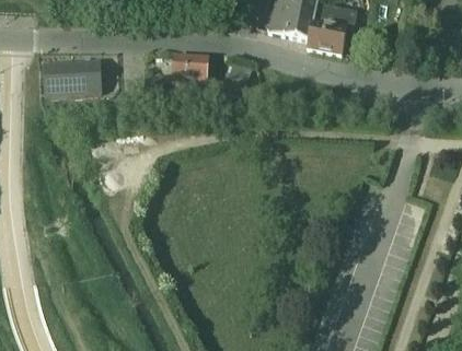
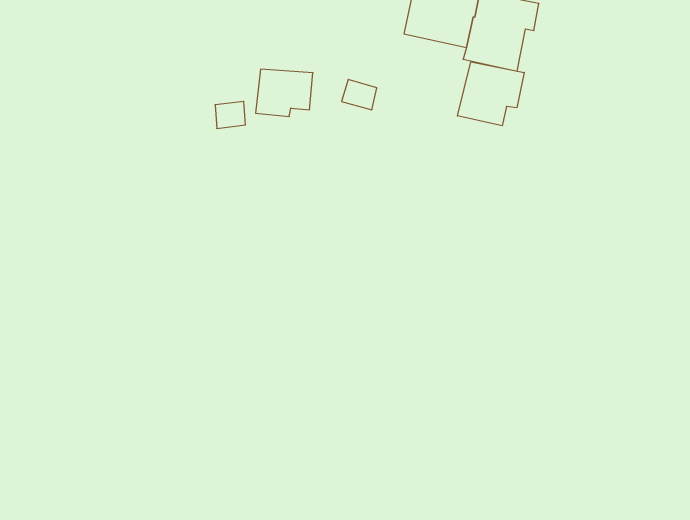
building: none -> [457,62,524,126]
building: [44,59,101,94] -> none

